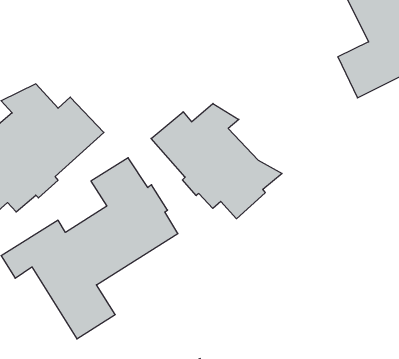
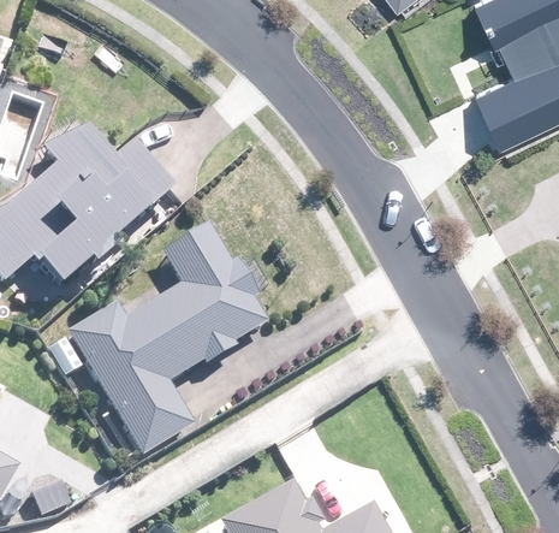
building: [151,103,282,219] -> none

